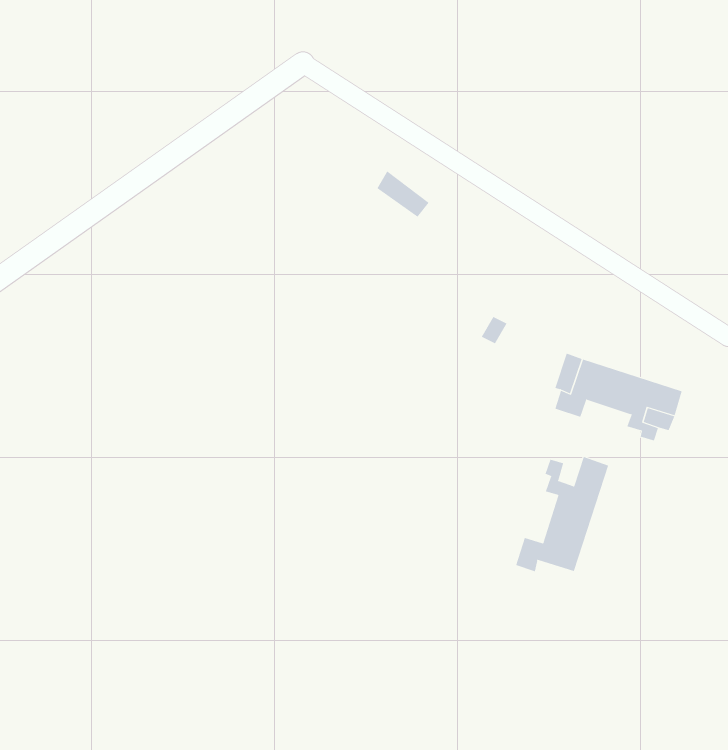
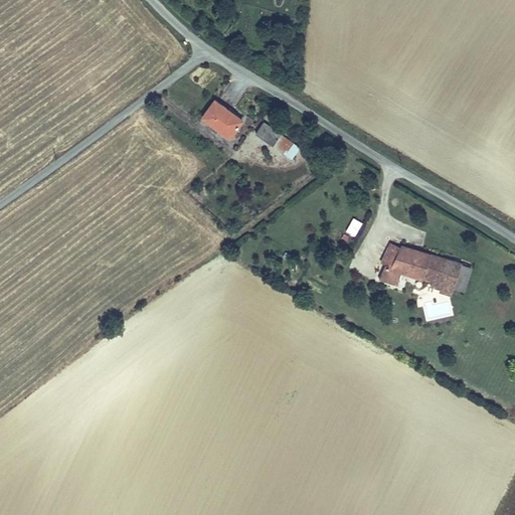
building: none -> [204,100,242,135]
building: [516,456,609,572] -> none

